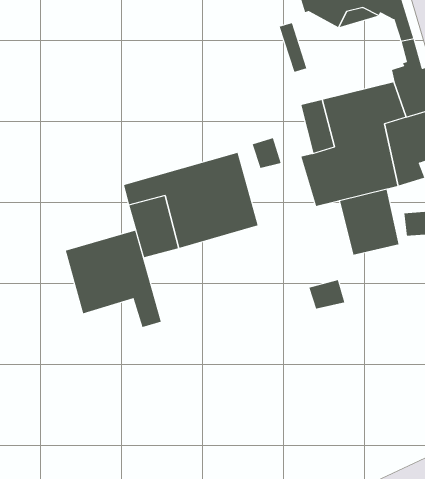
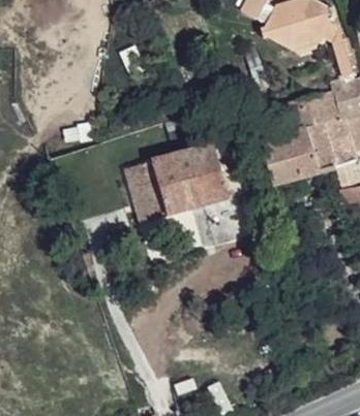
building: [339,189,399,256] -> none
building: [65,230,162,328] -> none

